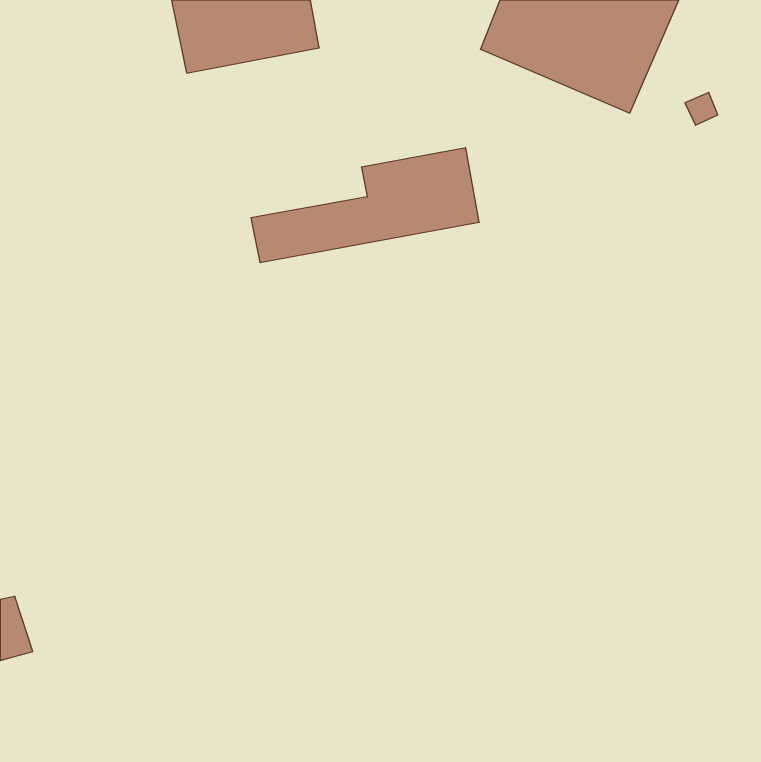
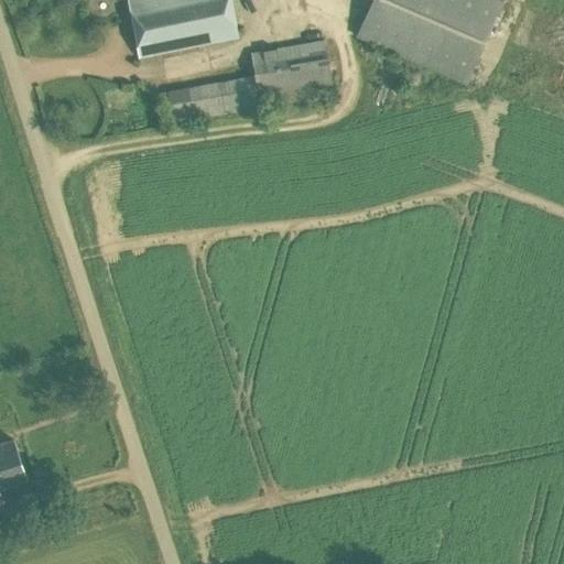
building: [251,148,479,263] -> [166,39,335,123]

